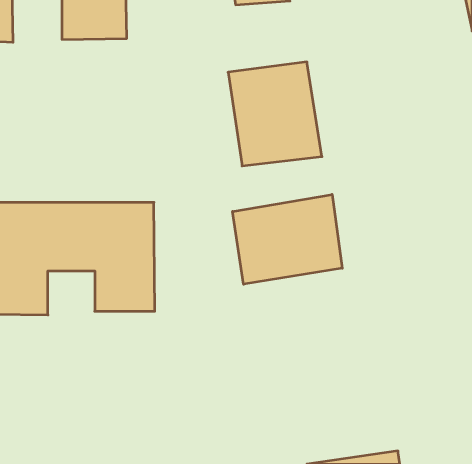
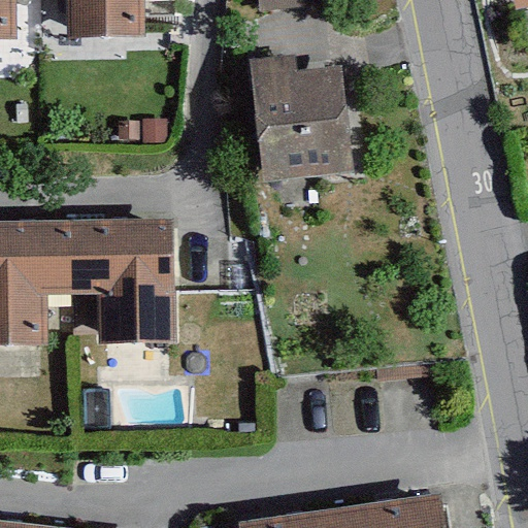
building: [233,194,342,284] -> none

